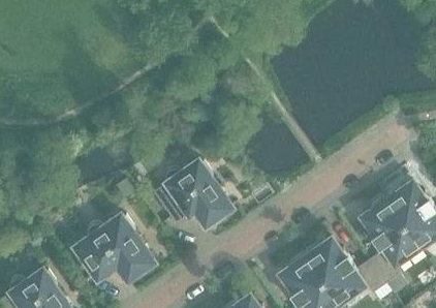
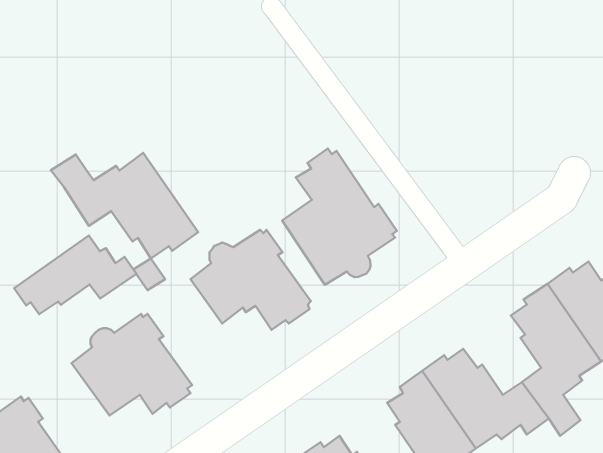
building: none -> [282,149,397,285]
building: none -> [51,153,198,258]
building: none -> [14,235,136,314]

